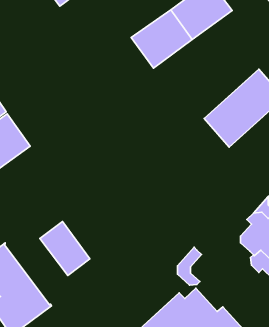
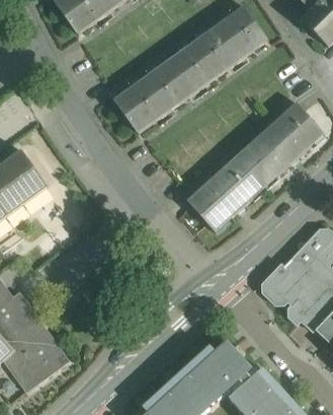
building: none -> [114,67,181,132]
building: none -> [187,155,264,231]
building: [40,222,90,275] -> none
building: [177,247,202,285] -> [262,263,288,304]

